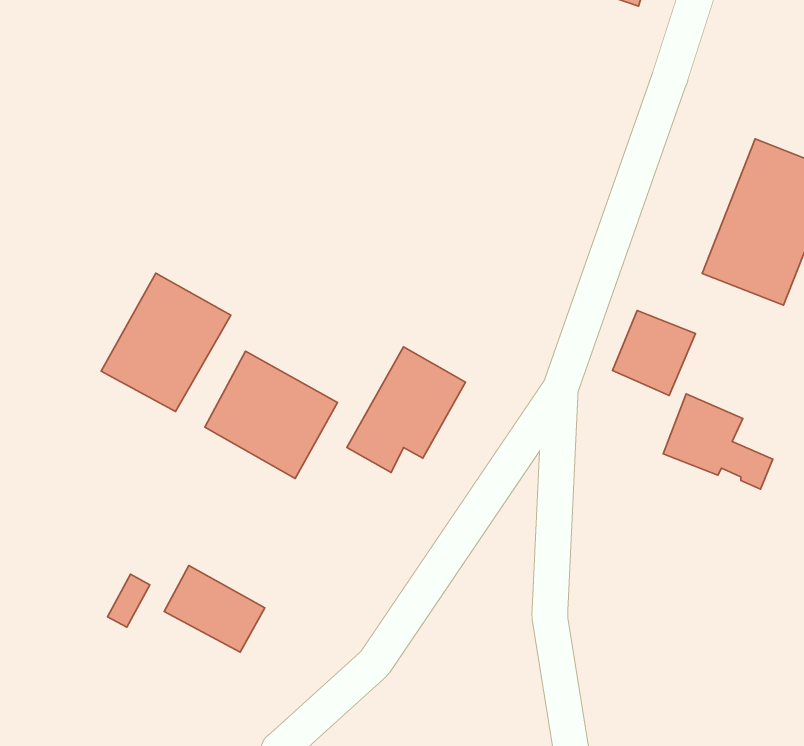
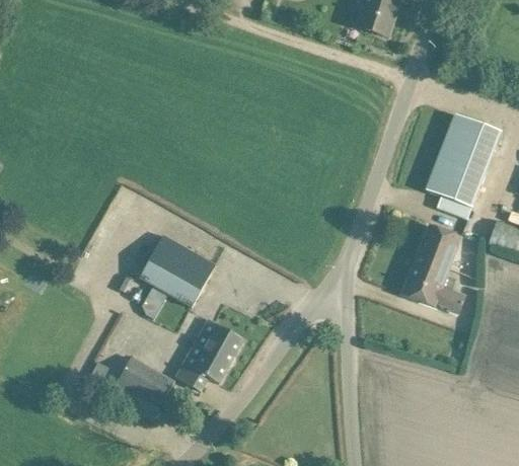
building: [101,273,231,411] -> none
building: [612,310,696,395] -> [415,224,462,273]
building: [347,347,465,472] -> [174,319,242,391]

